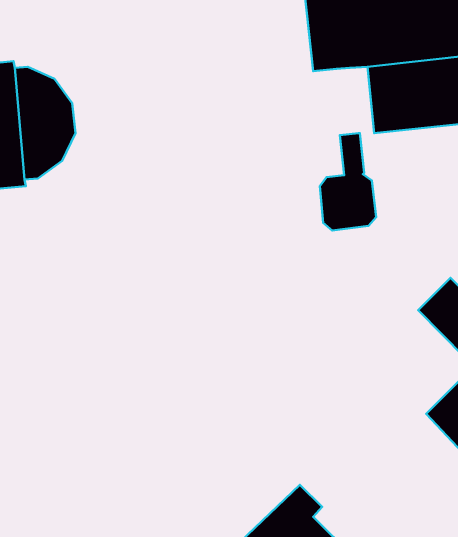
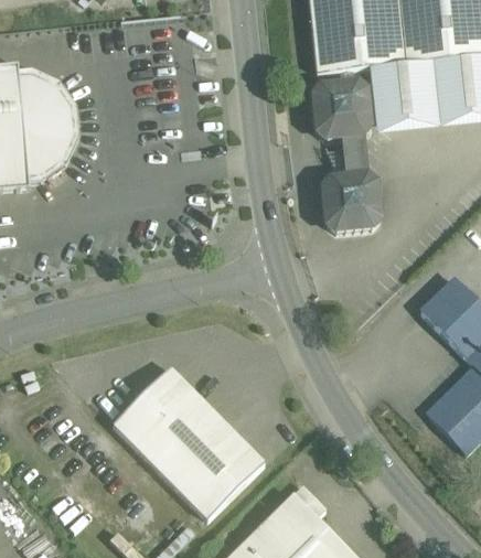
building: none -> [312,69,368,139]
building: none -> [111,367,264,521]

